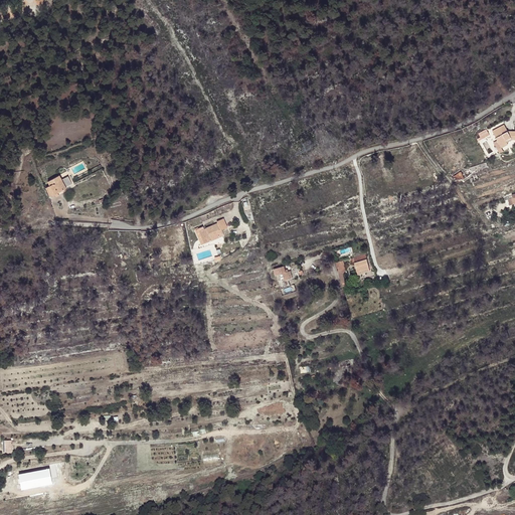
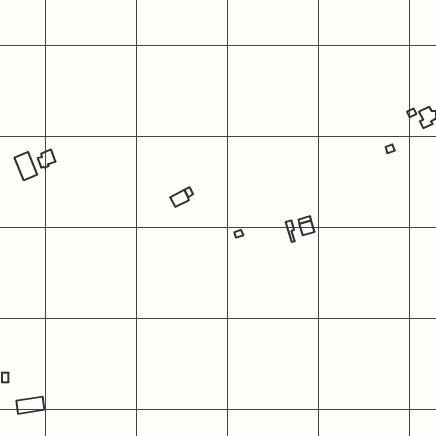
building: none -> [15,152,37,180]

